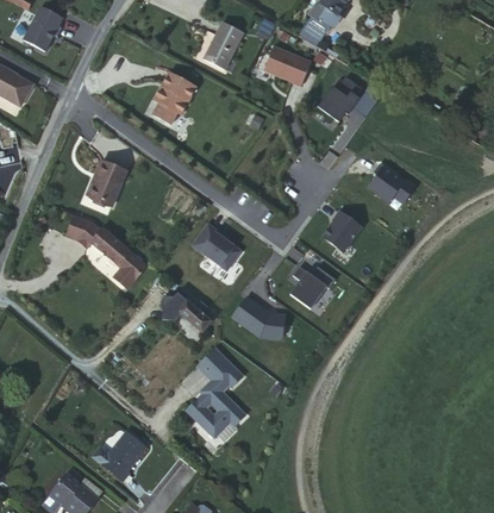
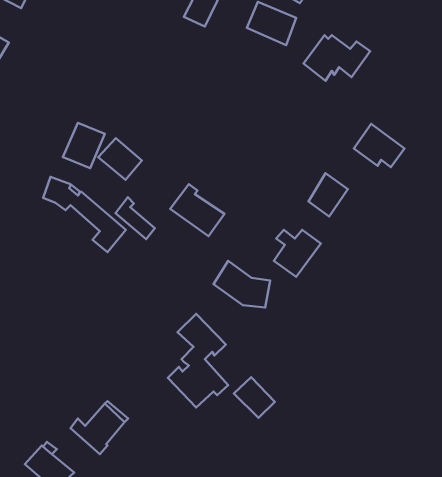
building: [149,71,193,124] -> none
building: none -> [98,138,142,180]
building: [171,292,210,332] -> [115,197,155,239]
building: none -> [234,377,275,418]

